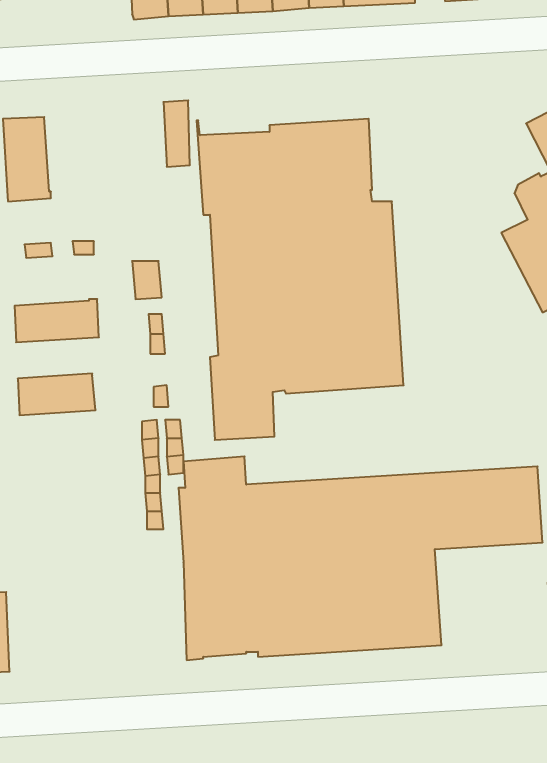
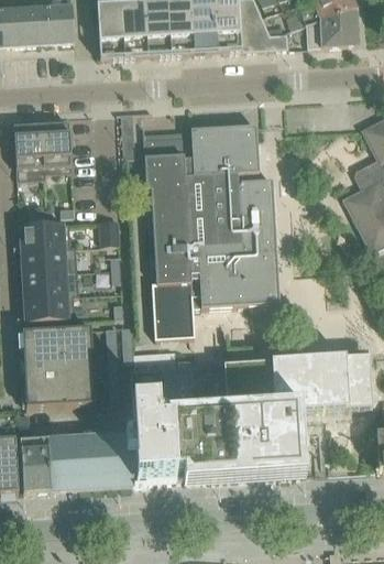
building: none -> [41,121,72,173]
building: none -> [19,221,70,249]
building: none -> [22,270,78,297]
building: none -> [22,327,95,408]
building: none -> [20,420,135,491]

